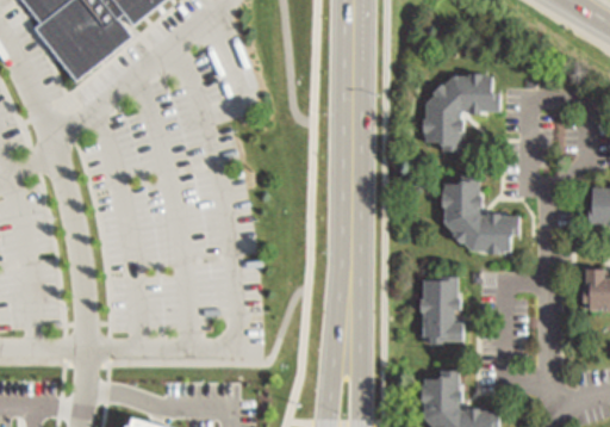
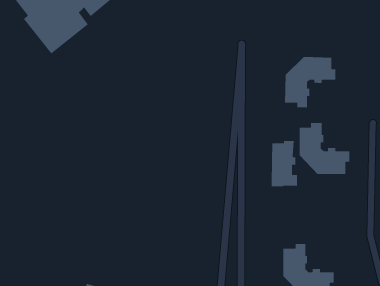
building: [418,284,458,353] -> [271,140,298,187]

